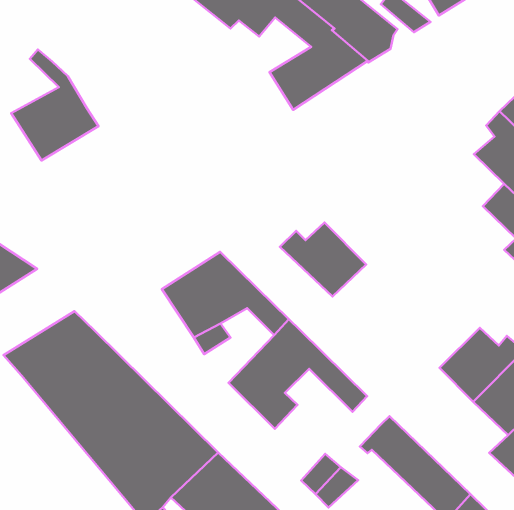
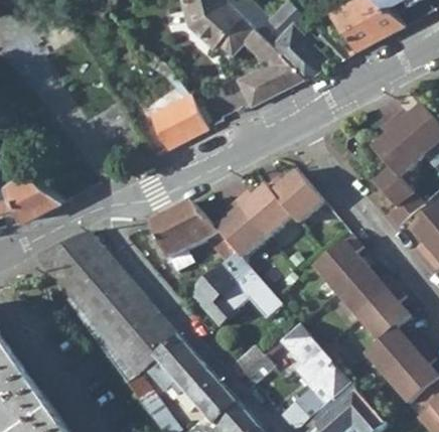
building: [11,49,99,160] -> [150,70,209,147]
building: none -> [266,171,323,224]
building: none -> [215,199,267,258]
building: none -> [314,235,367,292]

